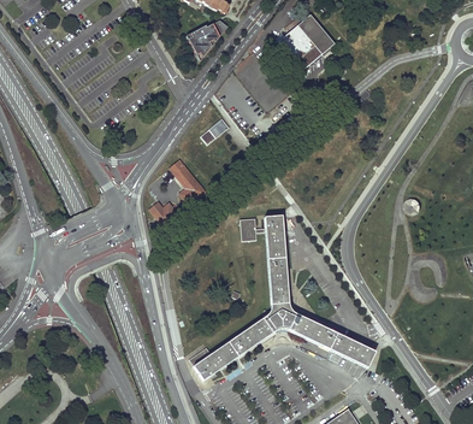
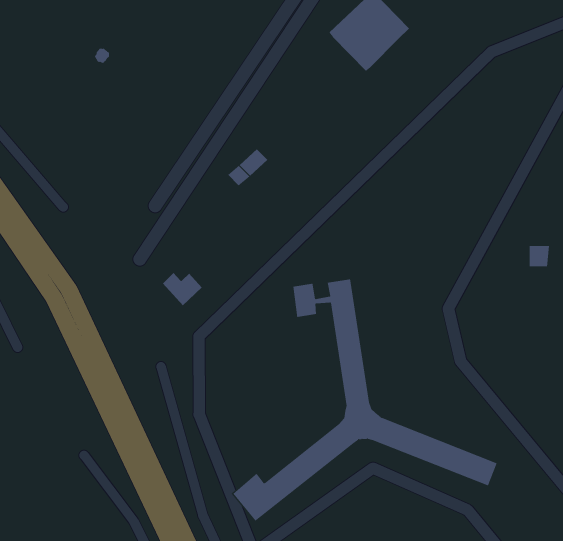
building: [185,22,226,60] -> none
building: [170,161,203,204] -> none

